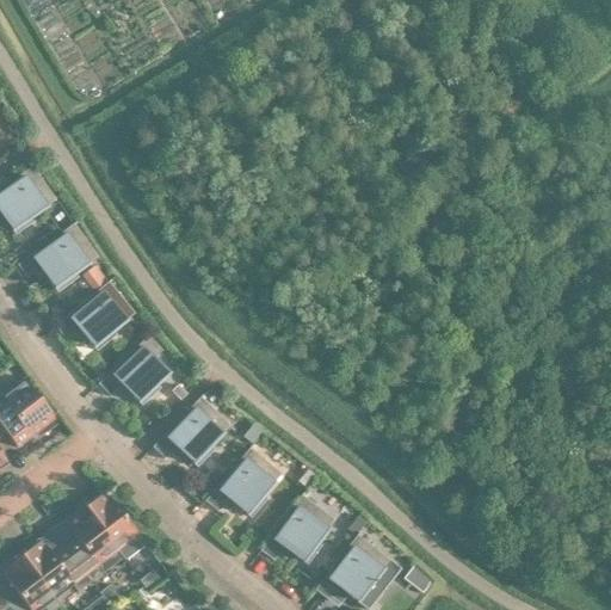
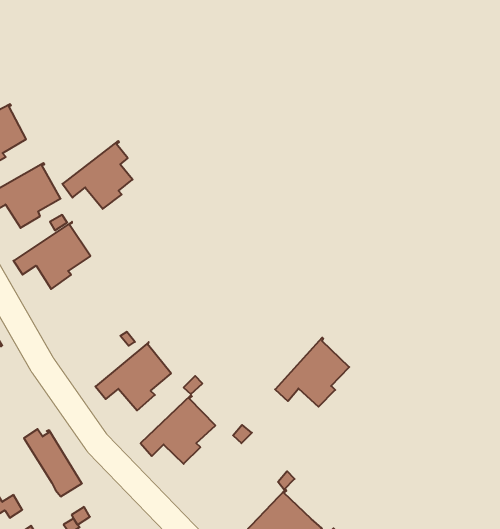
building: [99,333,171,405] -> [62,141,133,209]
building: [261,492,335,563] -> [275,338,349,407]
building: [69,507,124,581] -> none

